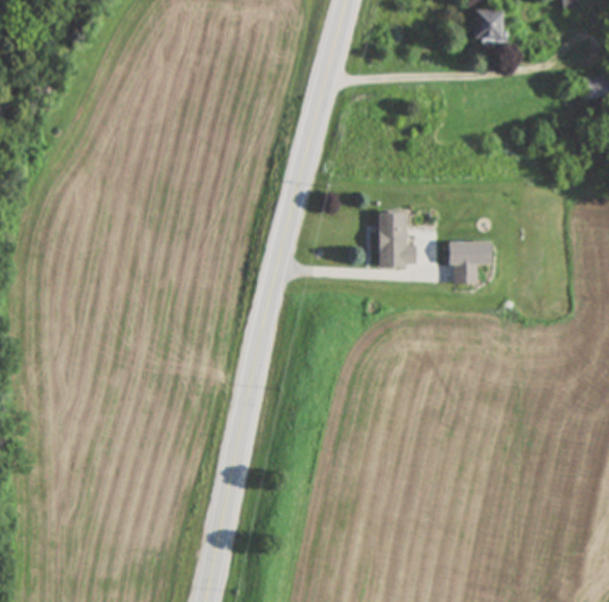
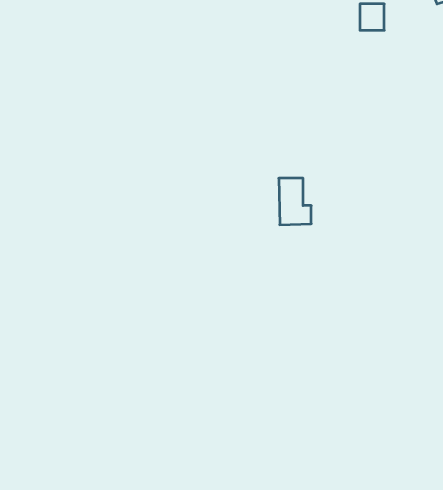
building: [450,242,491,284] -> none

